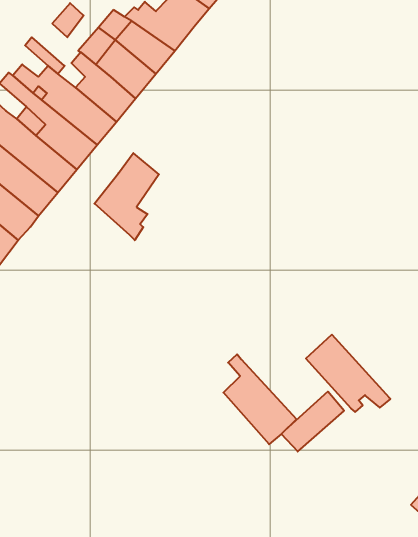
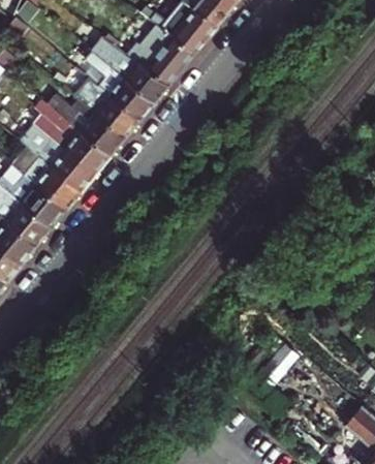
building: [94,153,159,240] -> none
building: [306,335,390,412] -> none
building: [223,354,296,444] -> none

